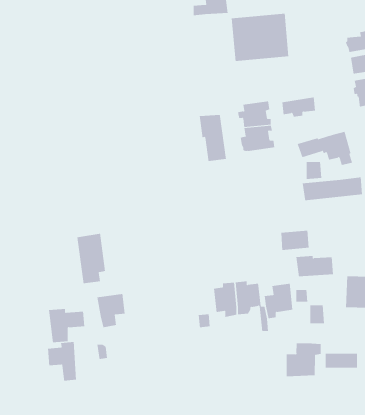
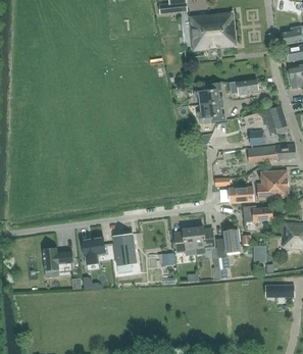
building: [199,114,226,162] -> none
building: none -> [257,169,289,199]
building: [77,233,106,284] -> [113,233,137,273]
building: [47,341,77,381] -> none
building: [286,343,321,377] -> none

